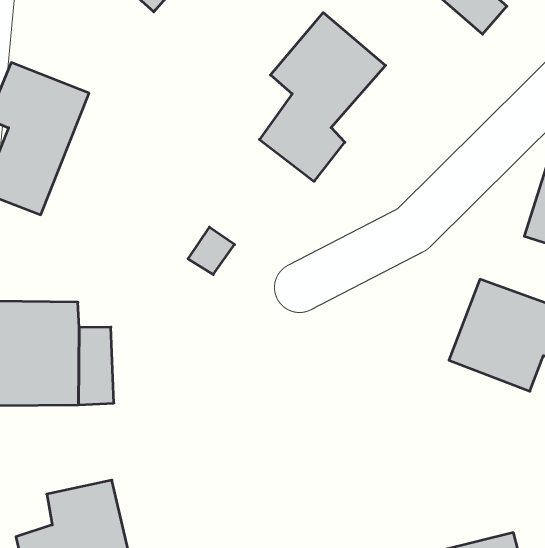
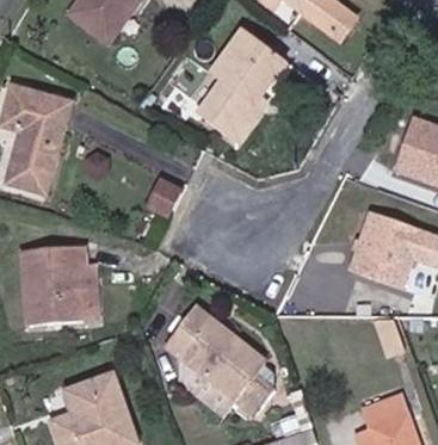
building: none -> [167,303,277,404]

